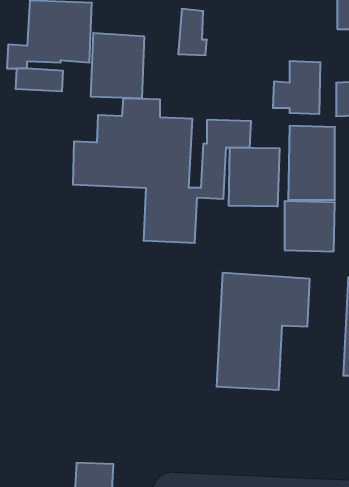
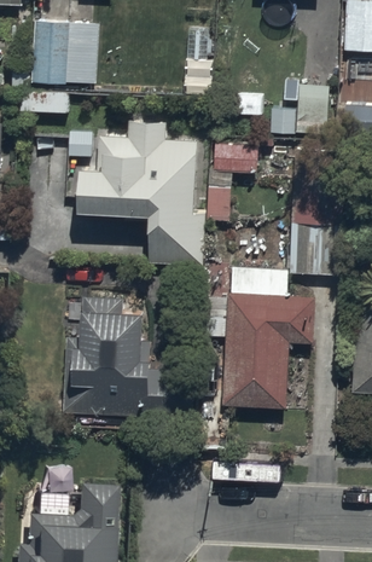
building: [91,33,144,99] -> none
building: [229,147,280,207] -> none
building: none -> [64,296,193,415]

